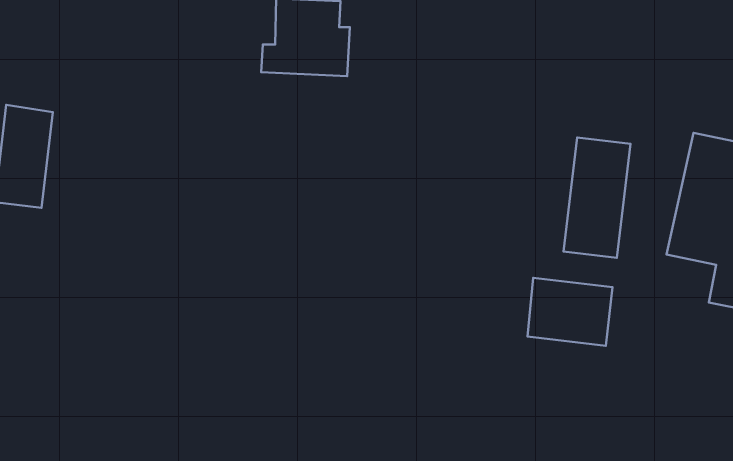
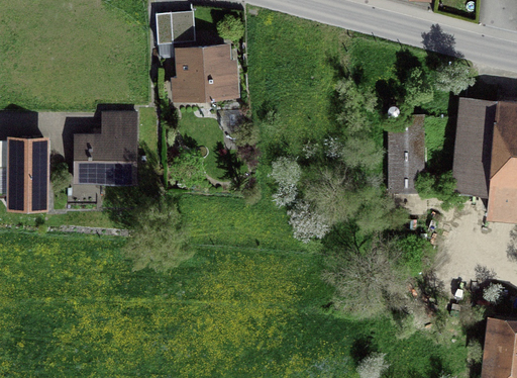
building: none -> [74,114,136,182]
building: [527,278,613,346] -> none

